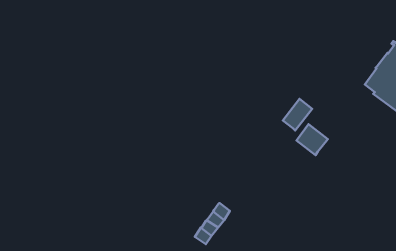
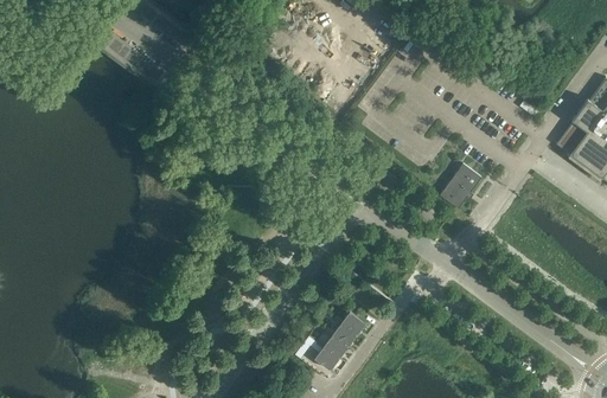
building: [296,124,328,155] -> none

